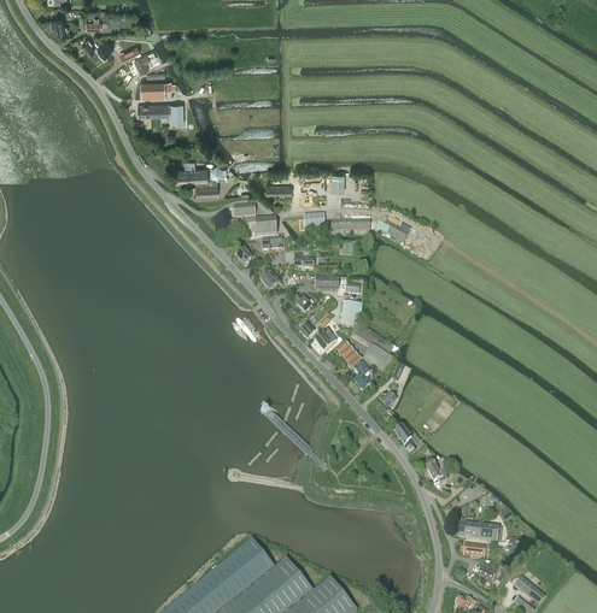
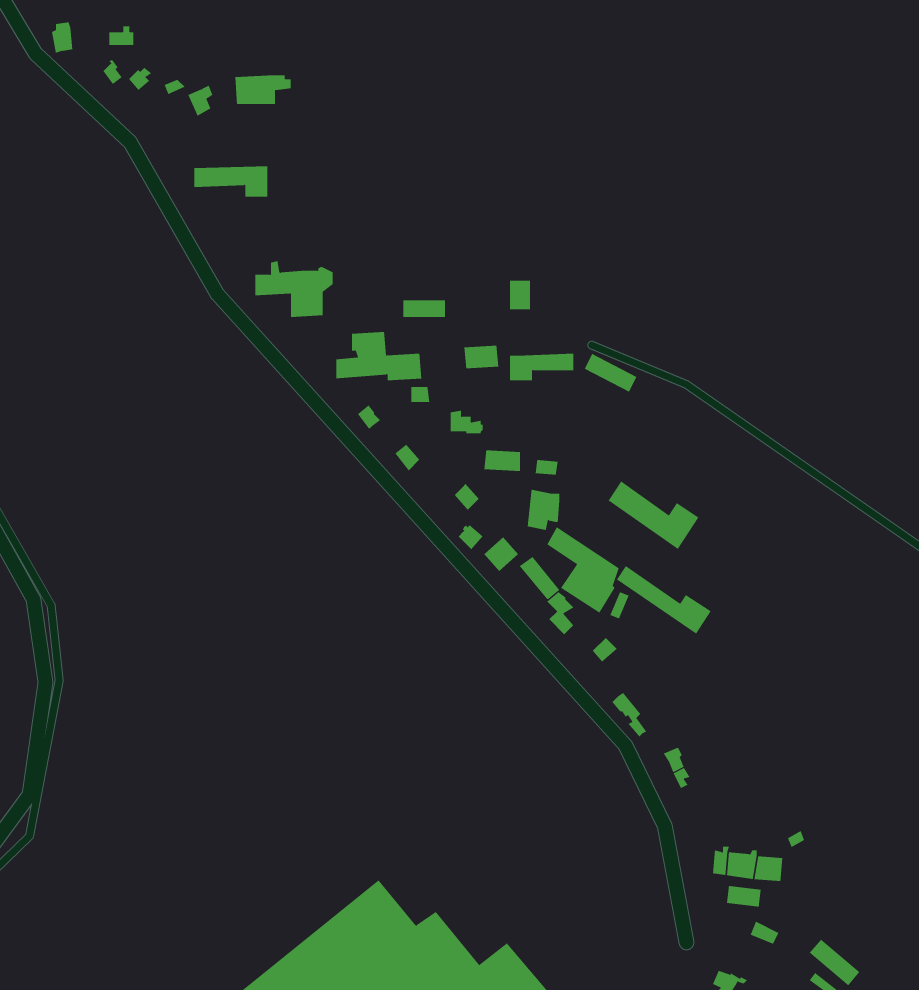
building: [140,81,175,99] -> [234,75,292,104]
building: none -> [608,481,699,550]
building: none -> [616,565,712,634]

